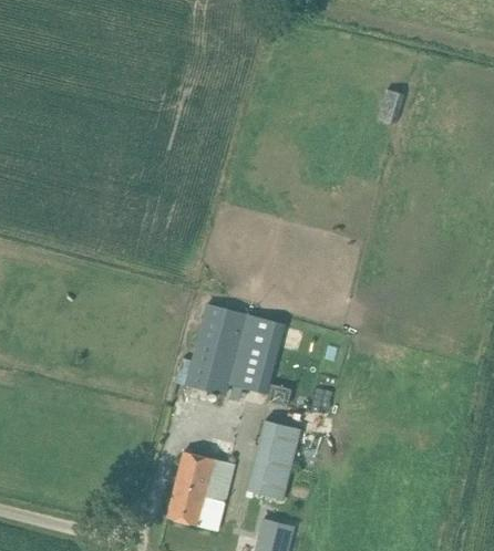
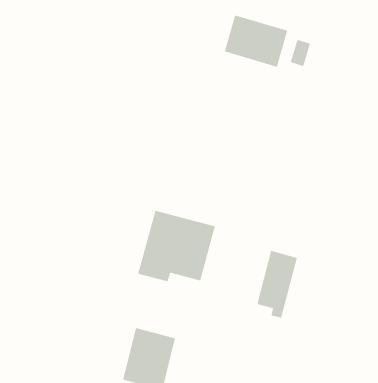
building: none -> [224,14,288,68]
building: [248,420,300,507] -> [256,250,298,319]

